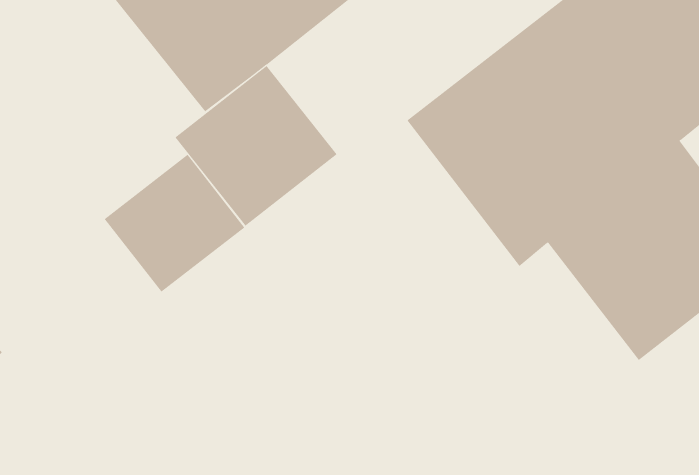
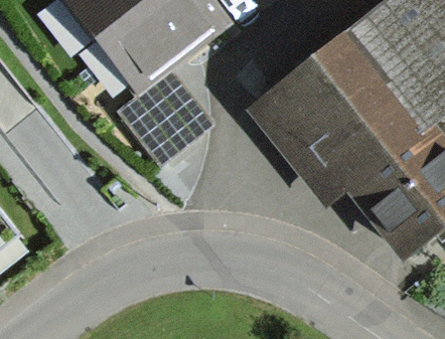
building: [104,154,245,293] -> none

